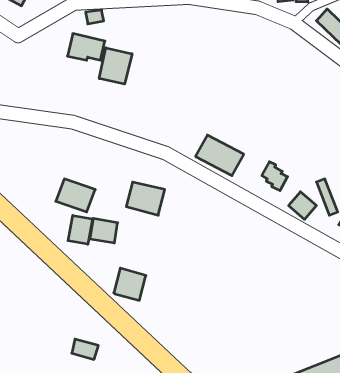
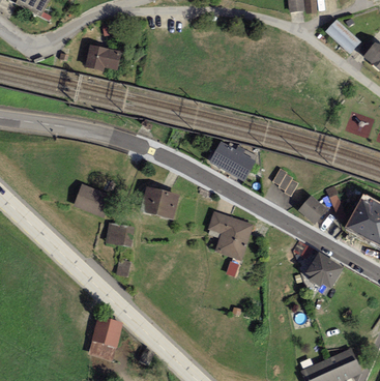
building: [99,48,132,84] -> none
building: none -> [208,211,254,261]
building: [68,215,92,244] -> none
building: none -> [306,255,343,289]
building: [114,268,146,300] -> [91,315,122,346]

